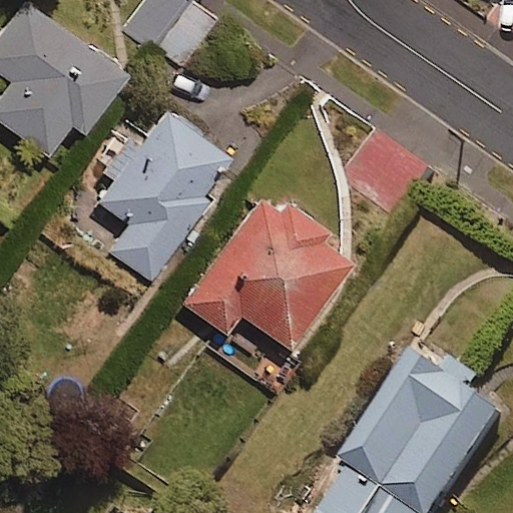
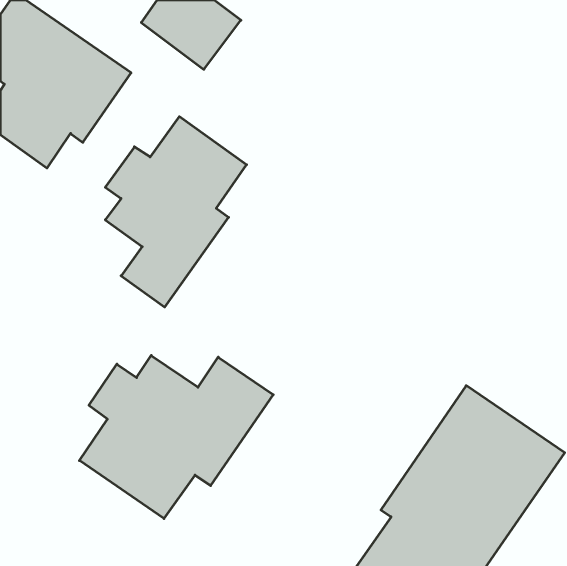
building: [182,188,355,349] -> none
building: none -> [79,355,273,519]

